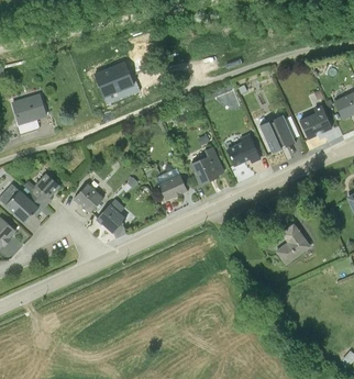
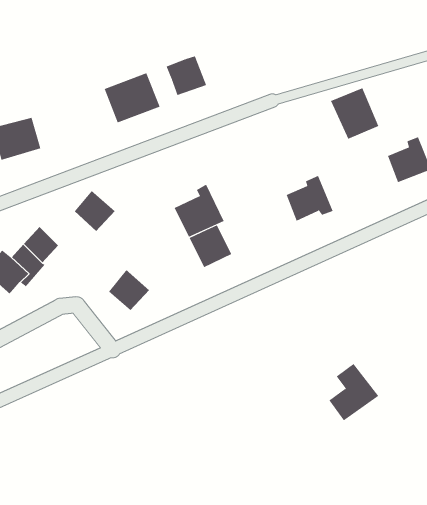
building: none -> [166,56,207,96]
building: [259,114,296,153] -> [330,87,379,140]
building: [188,146,225,186] -> [174,184,224,238]
building: [71,181,102,212] -> [74,190,115,232]
building: [275,223,312,266] -> [328,363,379,421]

